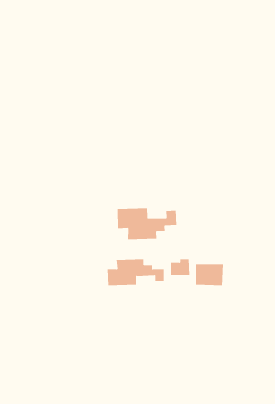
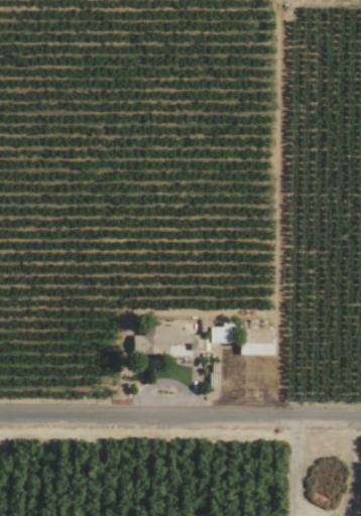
building: [117,207,177,240] -> none

